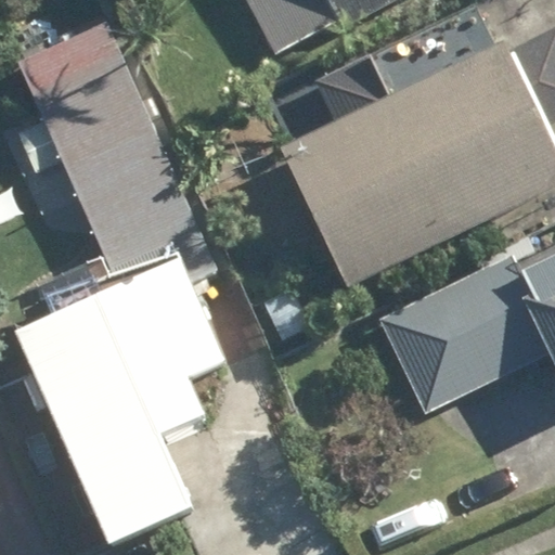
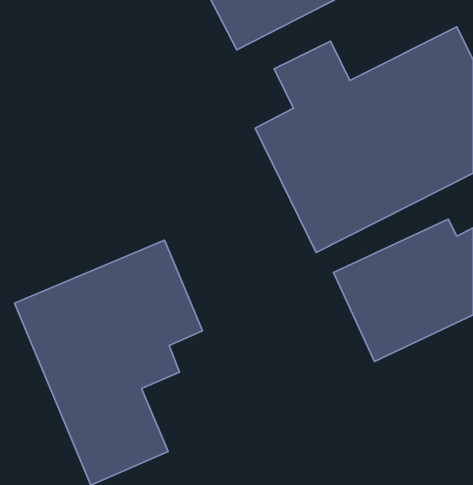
building: [7,23,196,256] -> none

